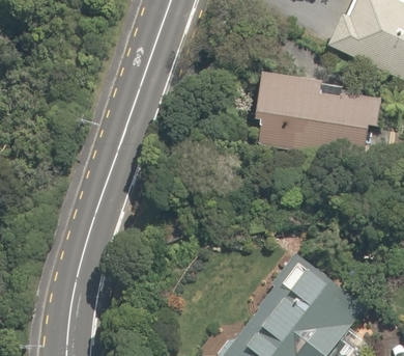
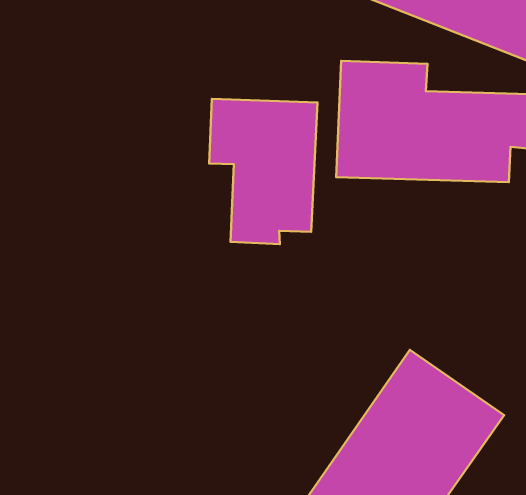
building: none -> [209,99,317,244]

